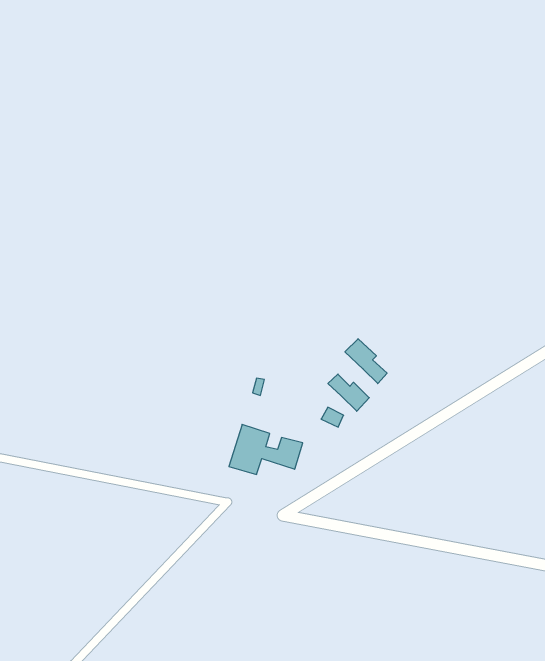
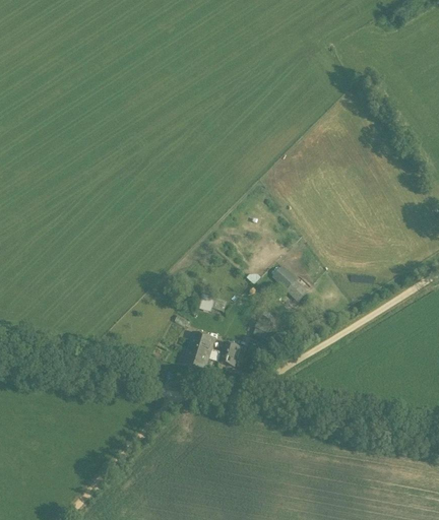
building: [328,374,369,411] -> none

